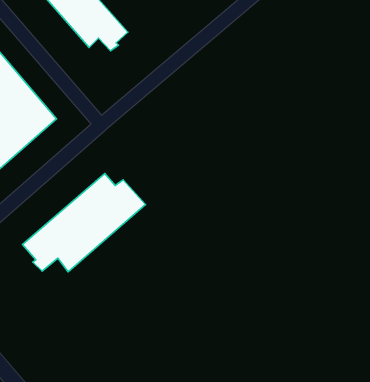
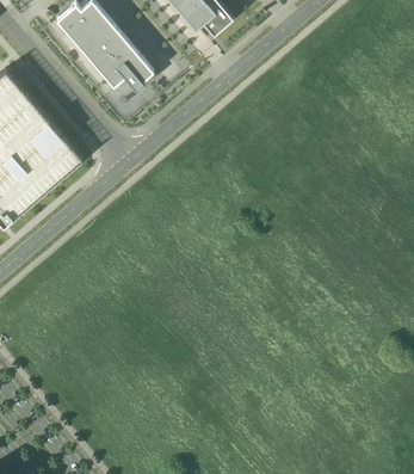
building: [23,174,146,272] -> none

